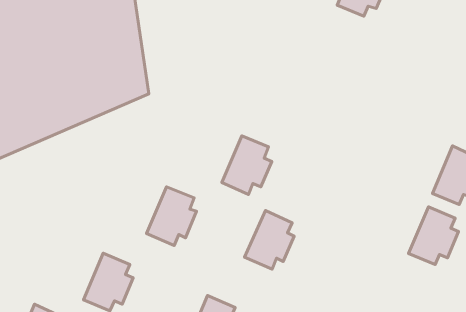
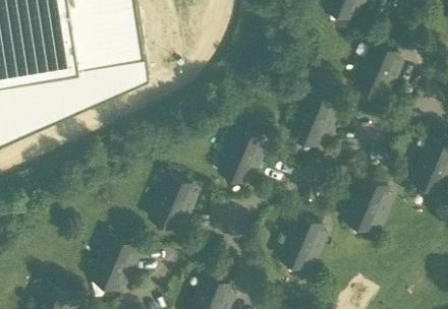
building: none -> [355,44,401,98]
building: none -> [291,92,337,146]
building: [409,207,458,265] -> [345,178,391,231]
building: [244,211,294,269] -> [279,215,325,269]

